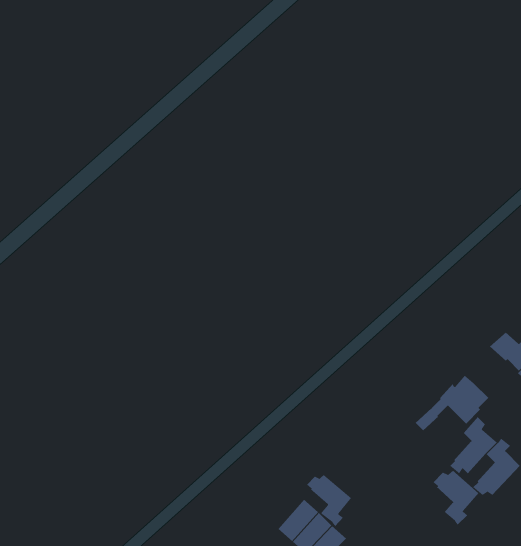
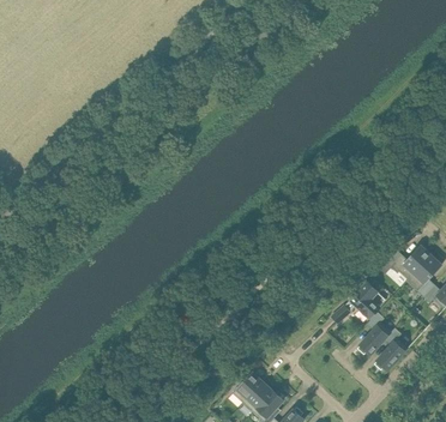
building: [433,470,479,525] -> none
building: [306,474,352,527] -> none

